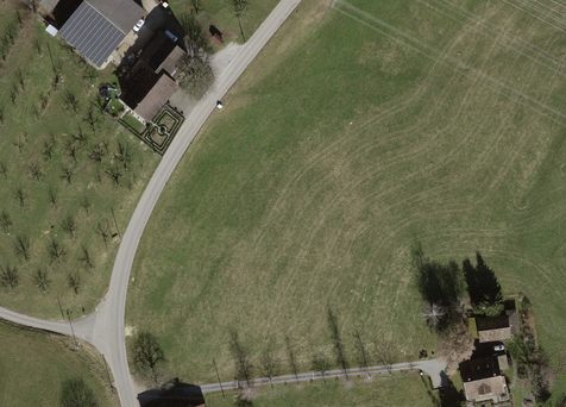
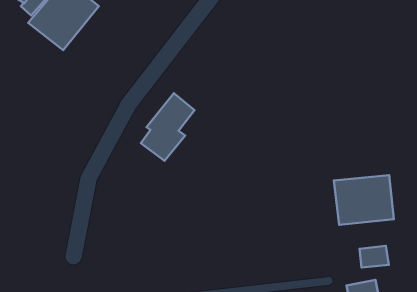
building: [120,35,188,120] -> [141,93,195,161]
building: none -> [334,175,394,225]

